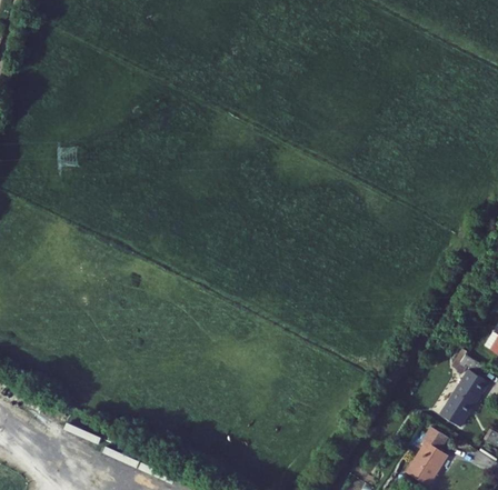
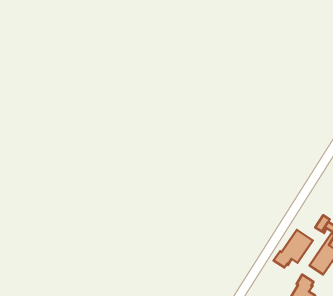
building: none -> [274,230,313,268]

